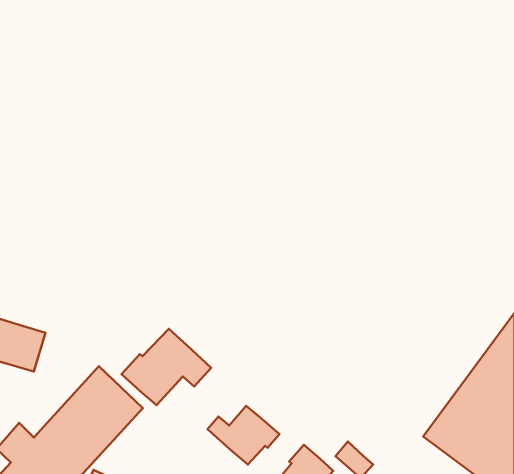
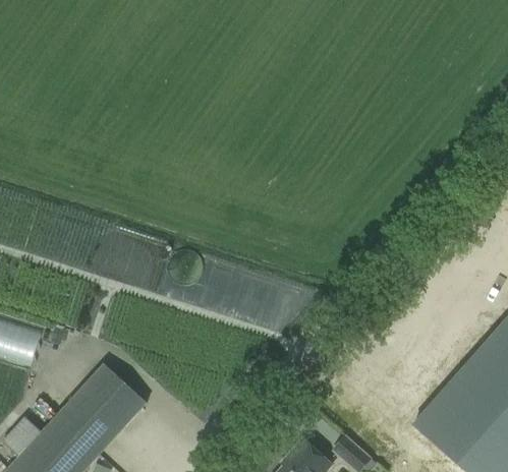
building: [122,329,211,405] -> none
building: [207,406,279,465] -> none

